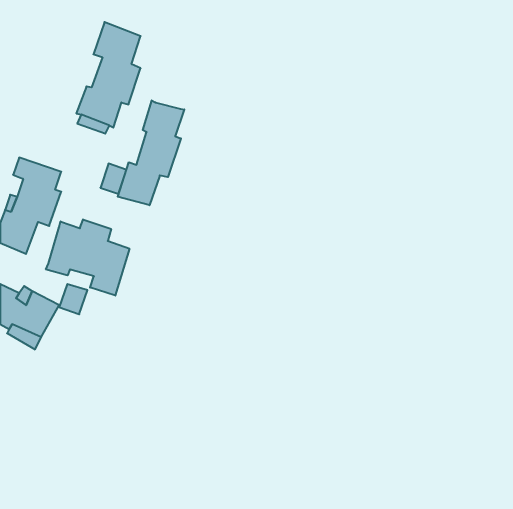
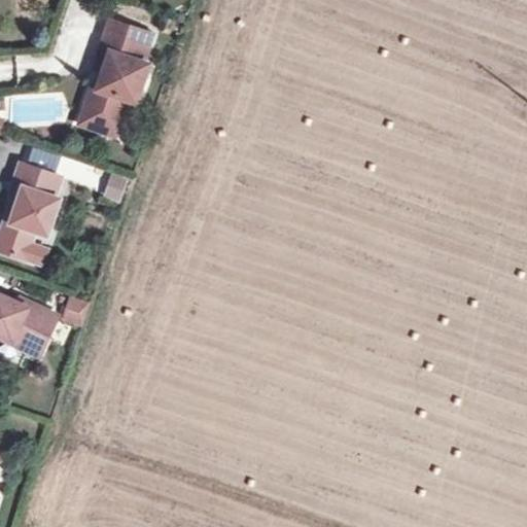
building: [118,100,184,205] -> none
building: [46,219,129,296] -> none

